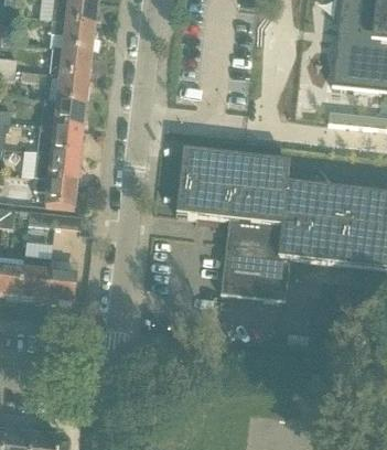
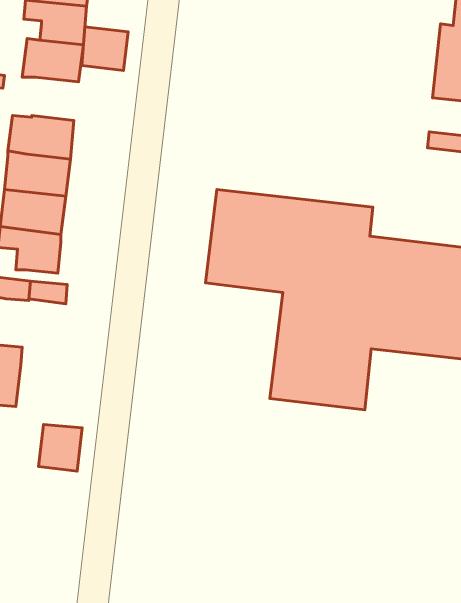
building: [56,71,88,100] -> [82,27,128,70]
building: [45,268,75,300] -> [39,425,82,471]

